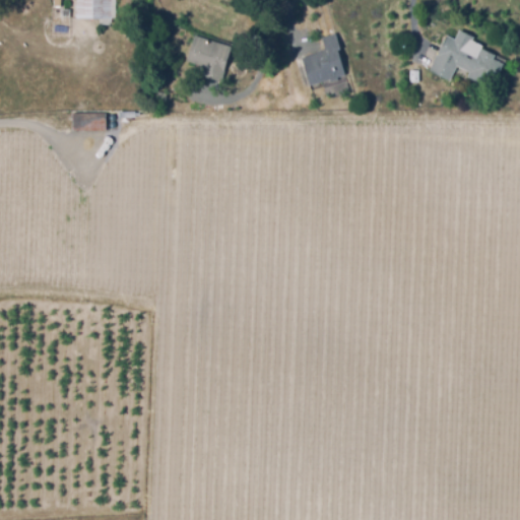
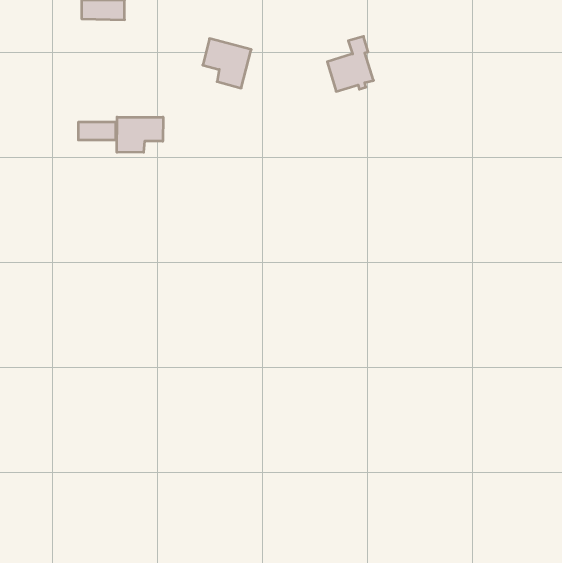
building: [430,36,504,87] -> none
building: none -> [117,117,163,152]

